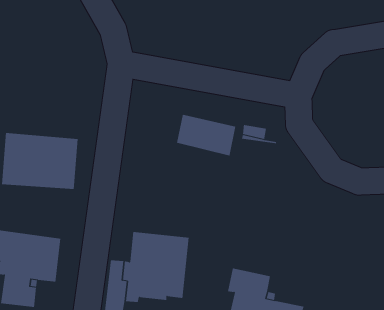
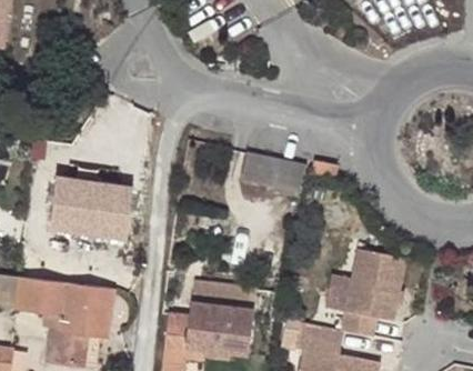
building: none -> [341,250,405,338]

